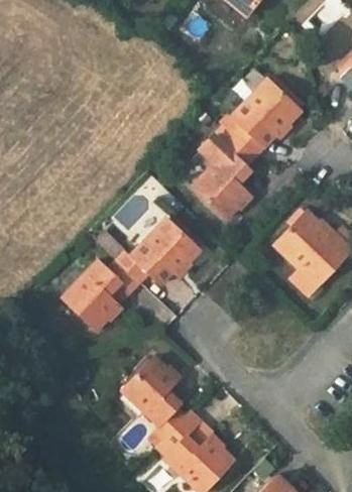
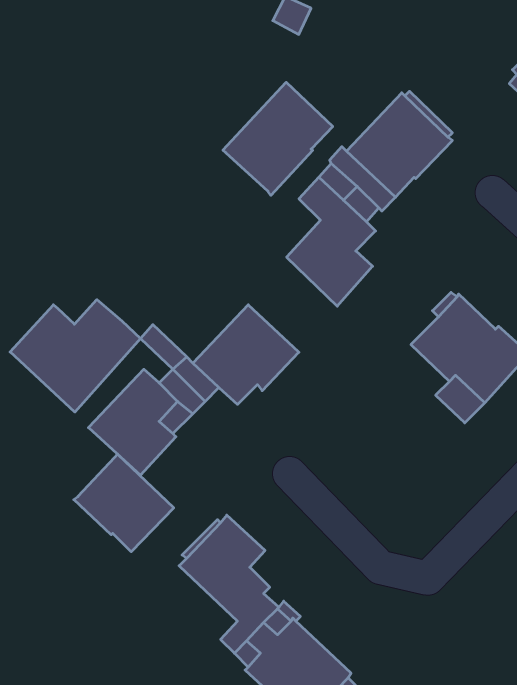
building: none -> [223,82,333,195]
building: none -> [10,300,141,412]
building: none -> [74,454,174,552]

